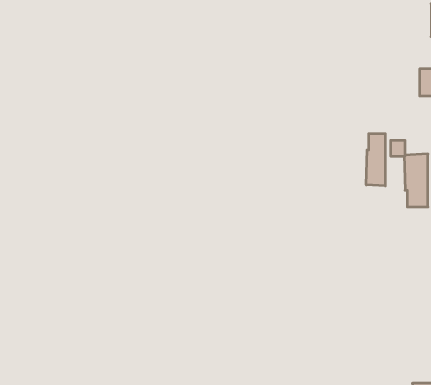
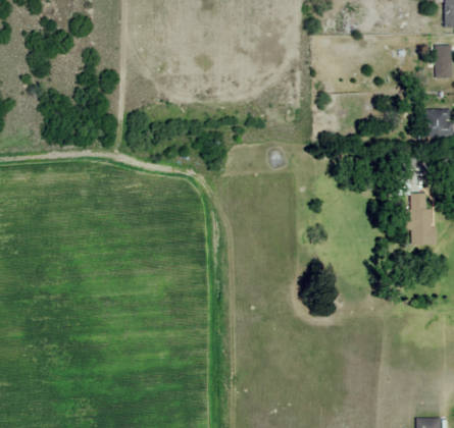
building: [366,134,385,186] -> none

